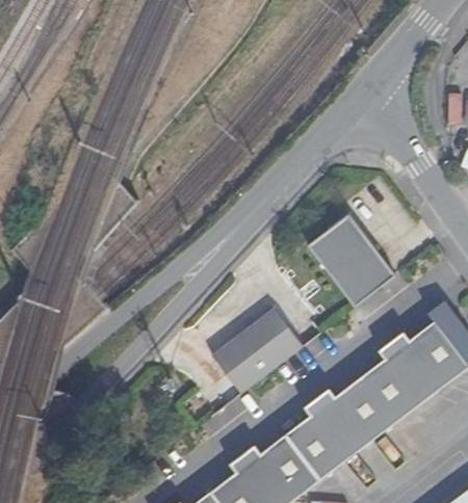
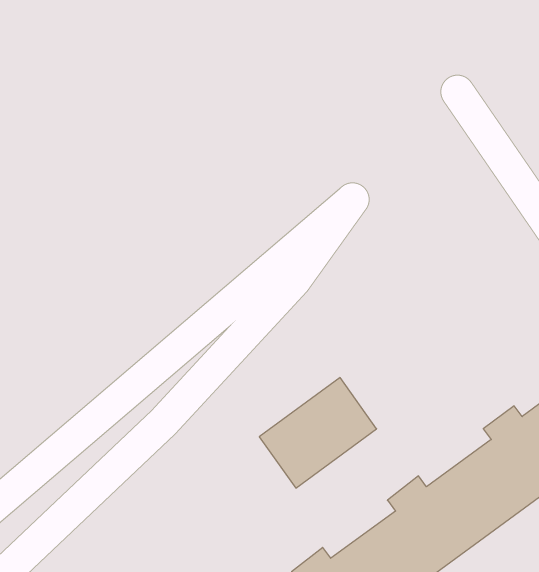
building: [307,217,394,311] -> none

